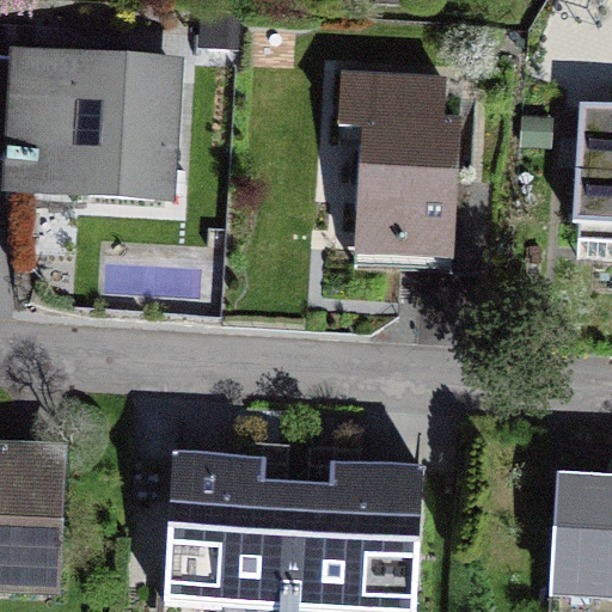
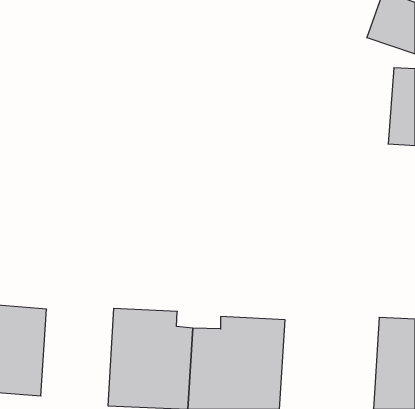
building: [29,62,188,197] -> none
building: [350,81,479,262] -> none

